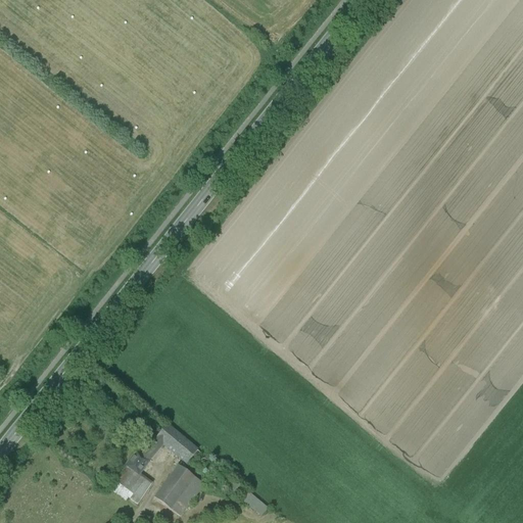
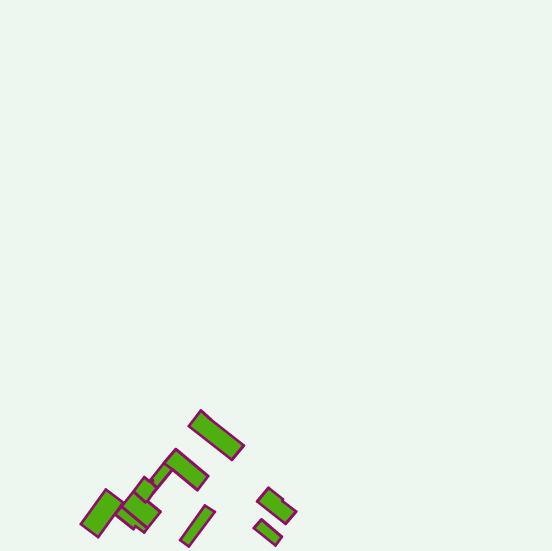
building: none -> [189,411,244,460]
building: none -> [257,488,296,524]
building: [155,464,195,509] -> [81,490,123,537]

